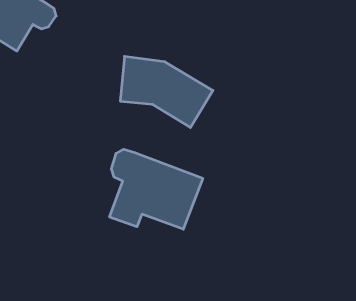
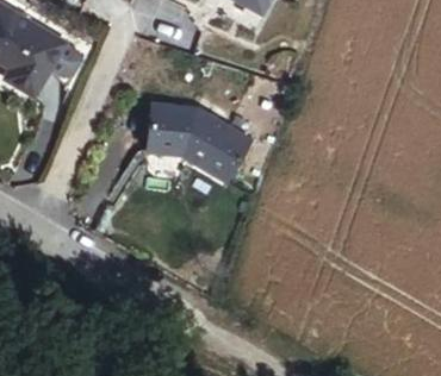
building: [110,149,203,229] -> none

